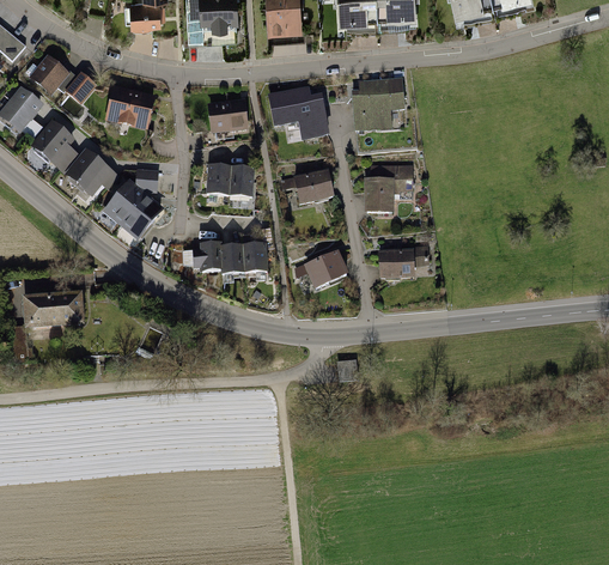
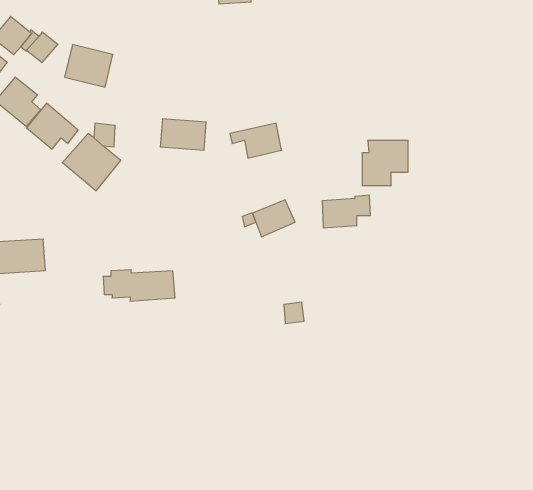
building: [352,78,404,132] -> none
building: [268,86,330,140] -> none
building: [207,98,249,133] -> none
building: [364,165,413,213] -> [362,140,408,186]
building: [191,242,268,275] -> [103,270,175,301]

